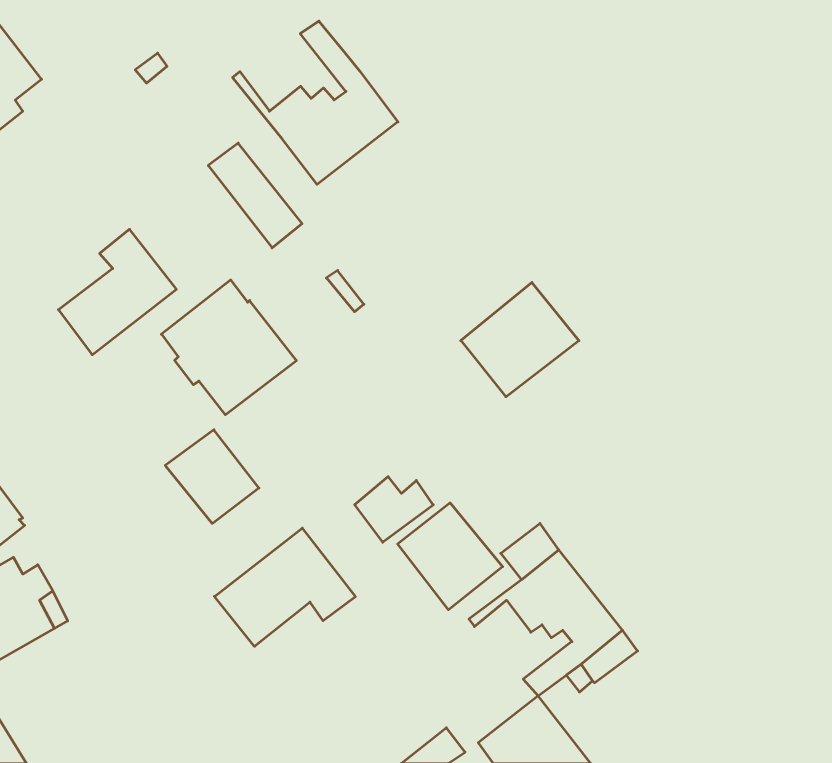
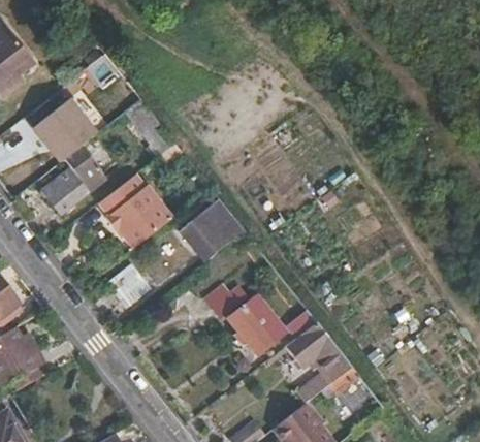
building: [233,21,398,184] -> none
building: none -> [32,98,97,162]
building: [461,282,579,397] -> [179,199,244,262]
building: [214,528,355,646] -> none

